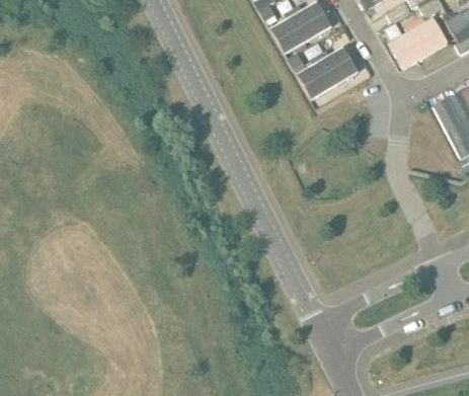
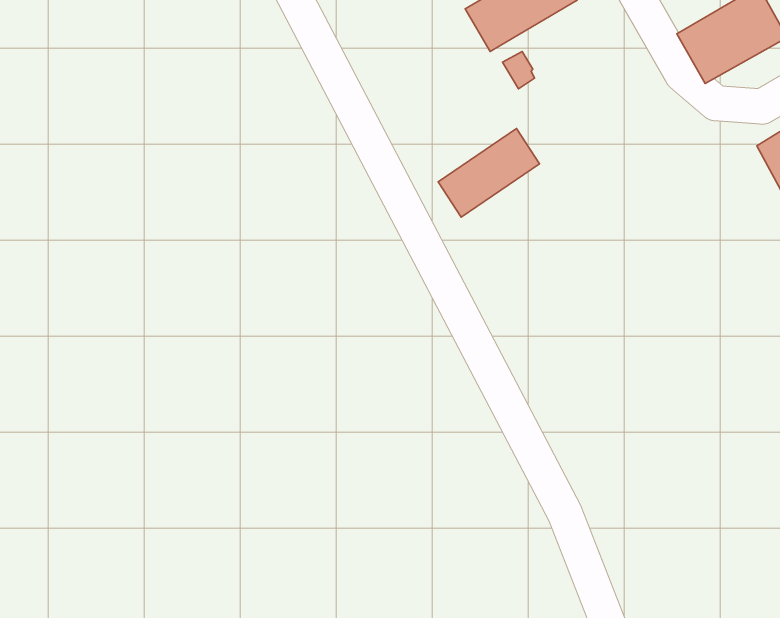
building: [298,49,356,99] -> [438,128,539,217]

